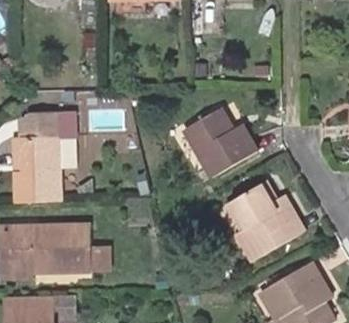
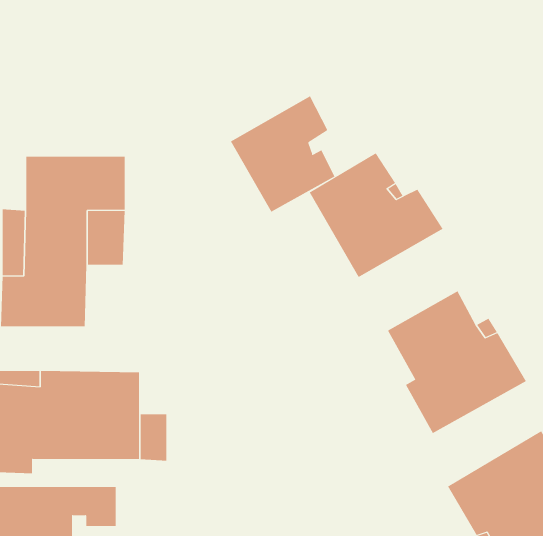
building: none -> [230,95,335,212]

